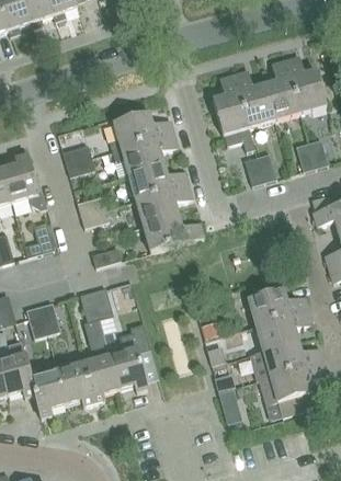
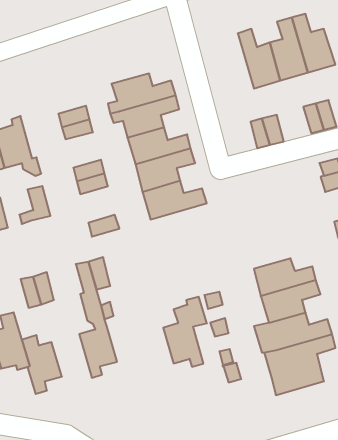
building: [213,75,255,151] -> none
building: [109,324,150,391] -> [163,297,207,367]
building: [56,362,94,406] -> none

